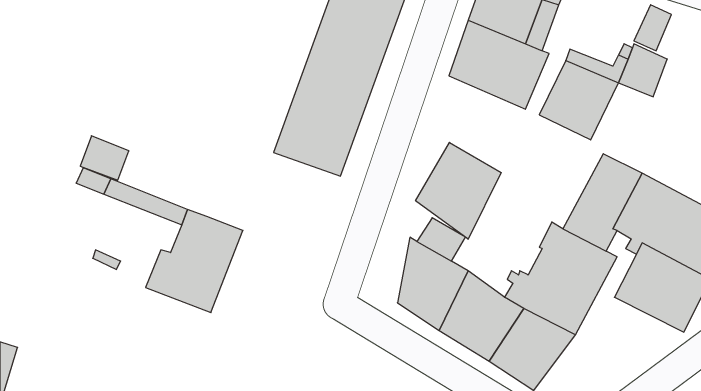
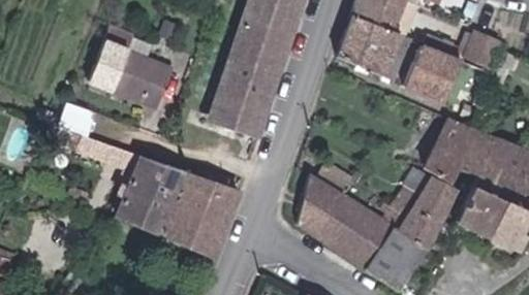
building: none -> [91,27,175,109]
building: [416,142,501,239] -> none
building: none -> [159,171,238,254]

